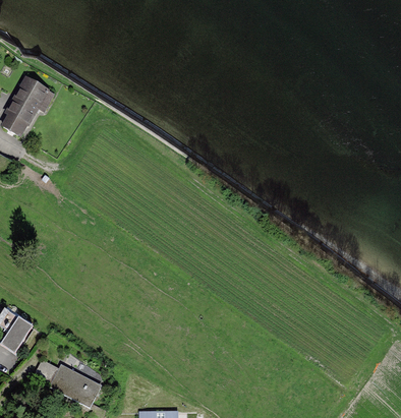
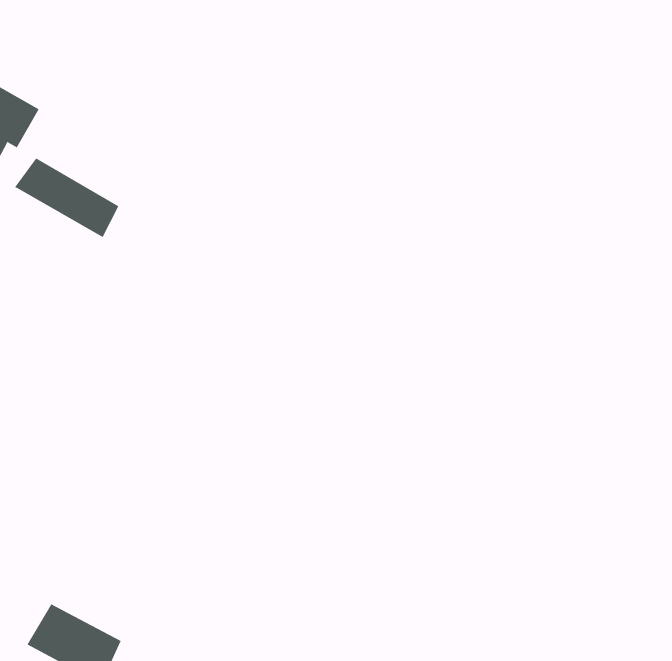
building: none -> [14,157,119,238]

